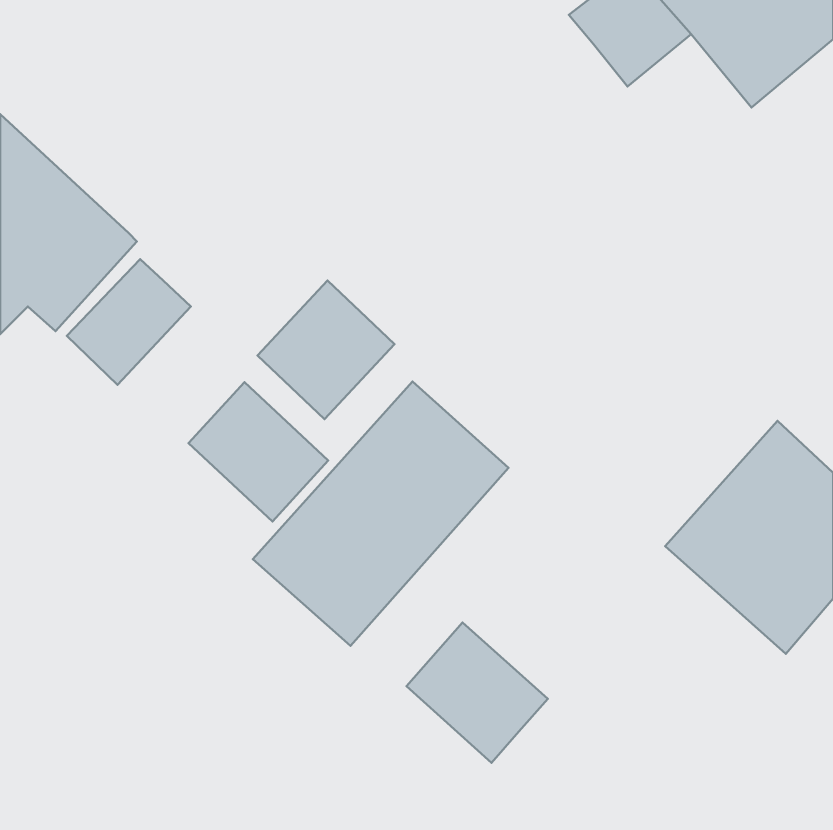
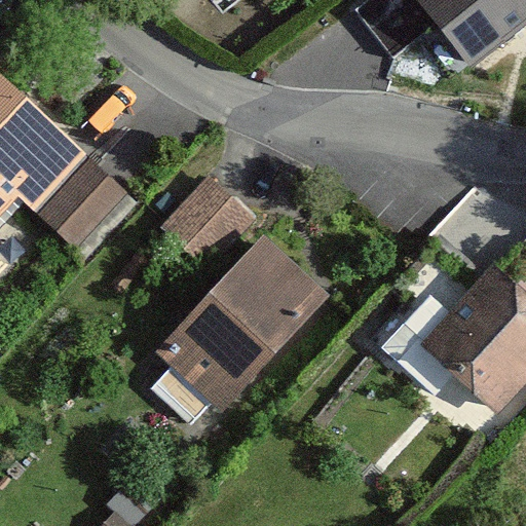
building: [189,382,328,522] -> none
building: [407,622,548,763] -> none

